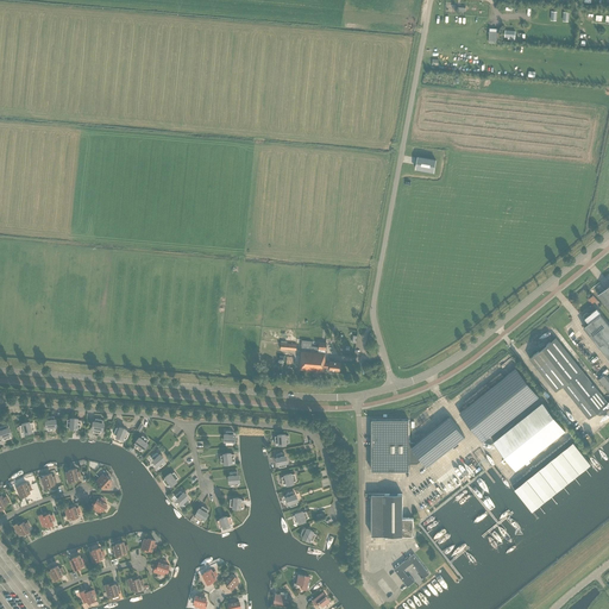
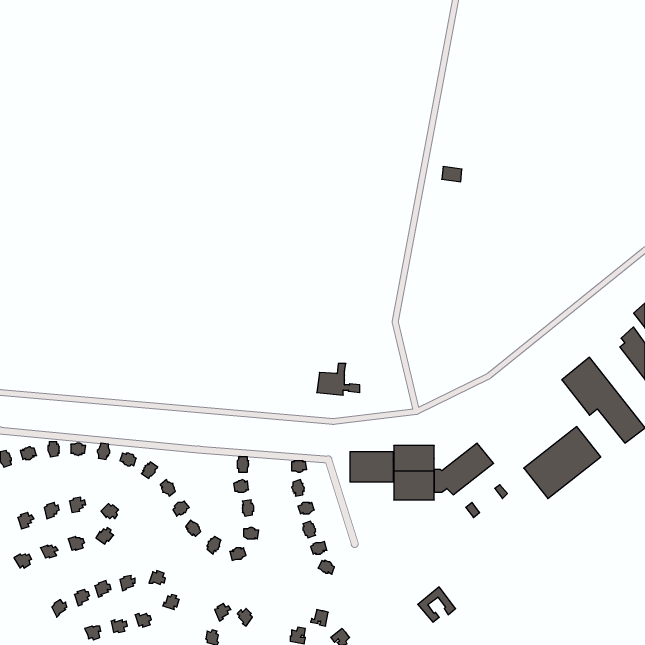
building: [459,369,539,441] -> none
building: none -> [350,452,393,482]
building: [511,439,590,510] -> none
building: [371,494,413,535] -> none

